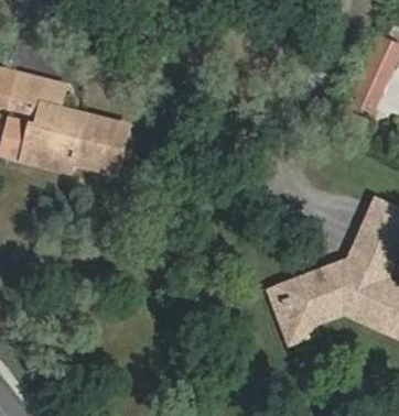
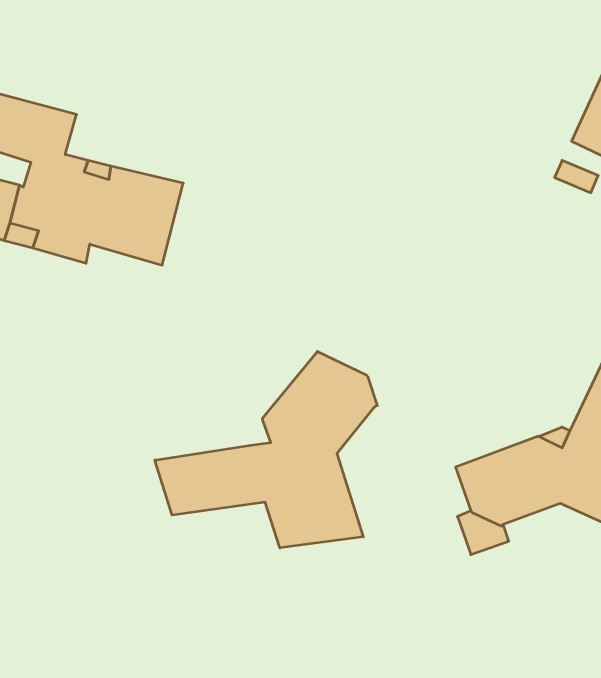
building: none -> [155,351,377,548]

